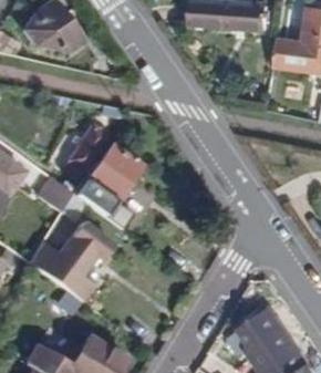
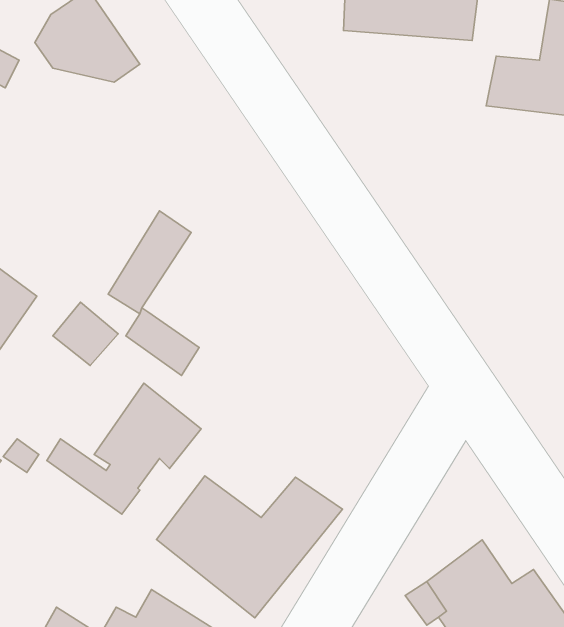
building: [84,144,141,203] -> none
building: none -> [157,476,342,618]

